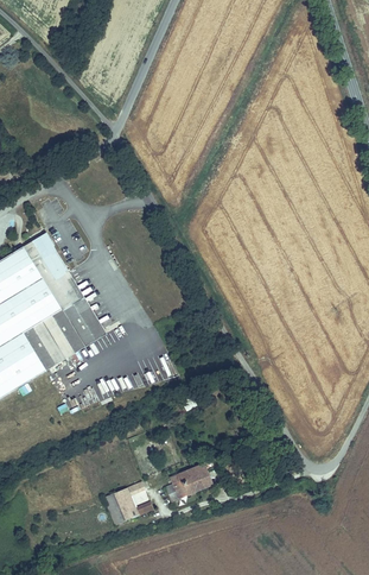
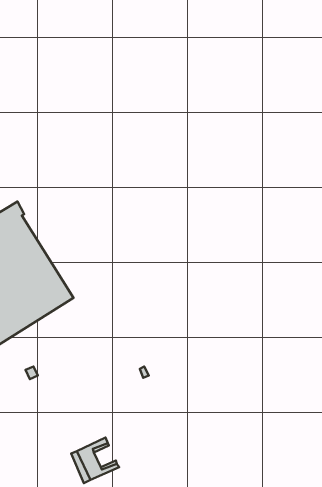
building: [161,462,209,501] -> none

